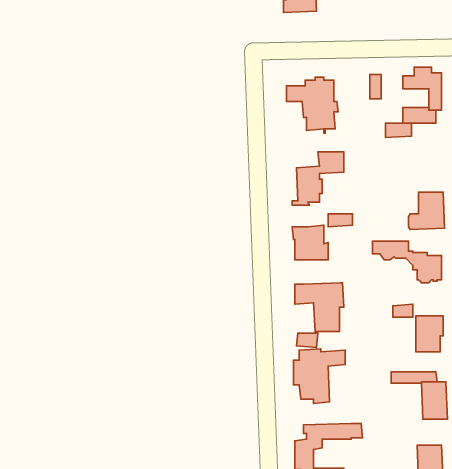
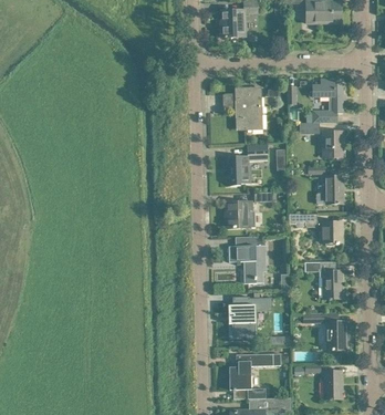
building: none -> [323,131,343,157]

